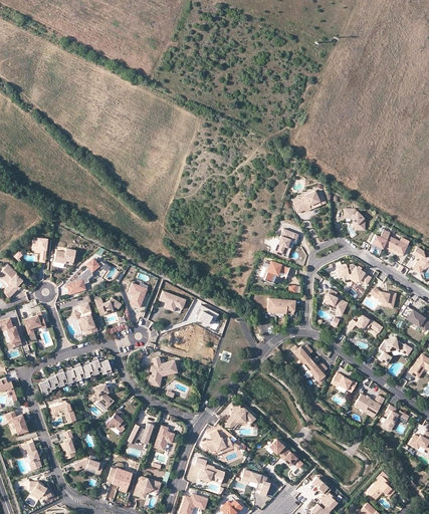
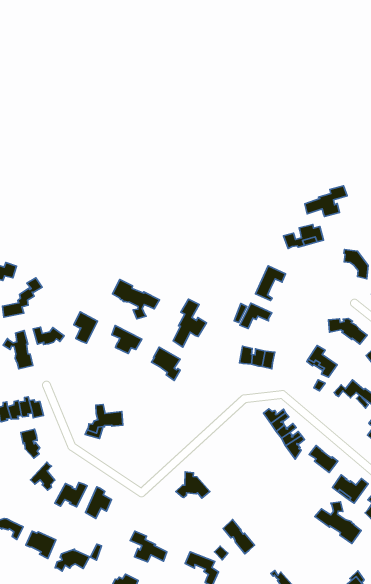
building: none -> [305,186,347,216]
building: none -> [112,280,160,319]
building: none -> [173,299,206,347]
building: none -> [315,502,361,543]
building: [202,430,239,452] -> none

